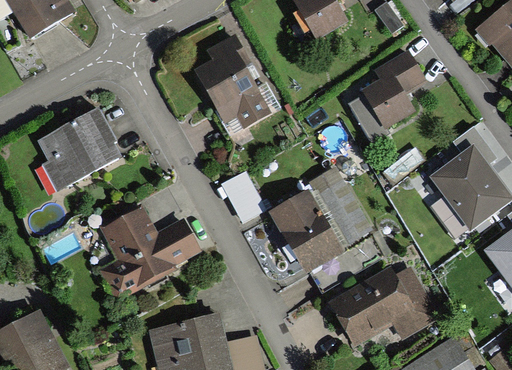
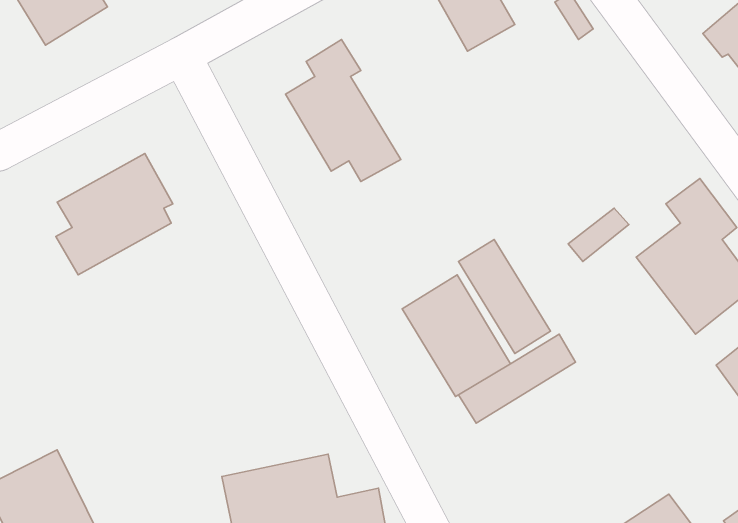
building: [347,48,426,144] -> none
building: [224,167,269,220] -> none
building: [101,209,197,296] -> none
building: [328,265,440,347] -> none

